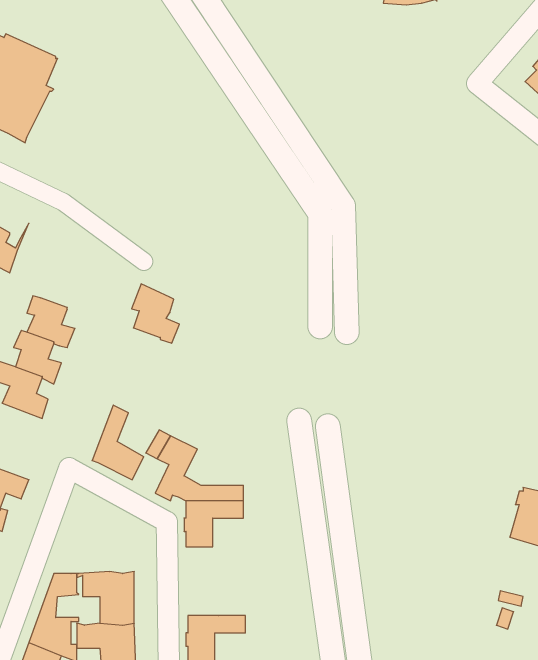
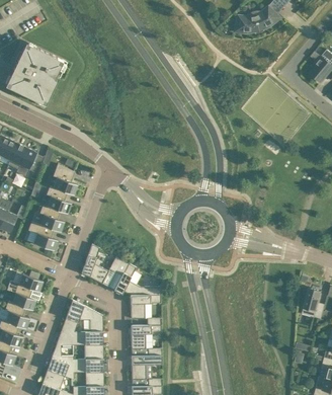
building: [132,284,179,343] -> [52,163,77,194]
building: none -> [60,299,102,332]
building: none -> [129,324,161,348]

